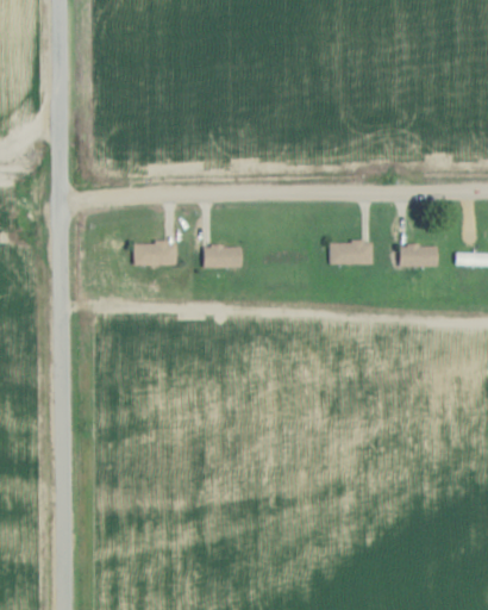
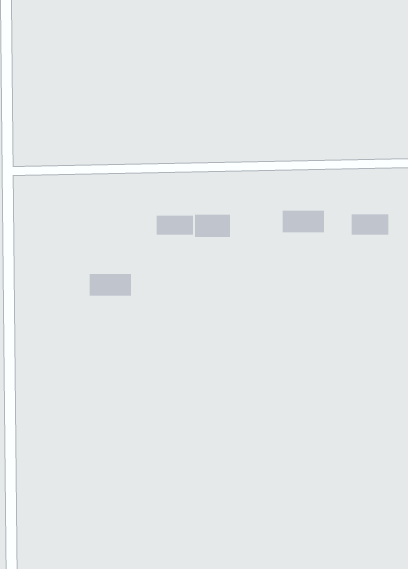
building: [133,242,176,264] -> [89,274,132,296]
building: none -> [195,214,231,238]

